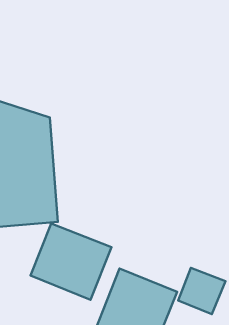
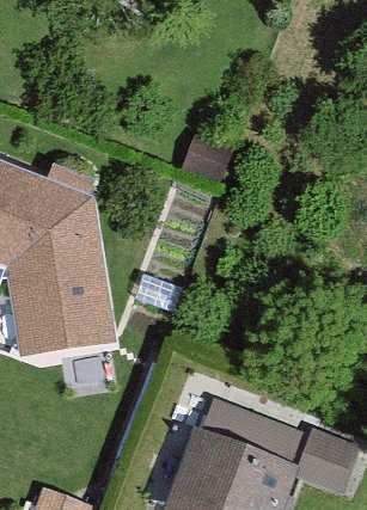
building: [31,223,112,300] -> none

